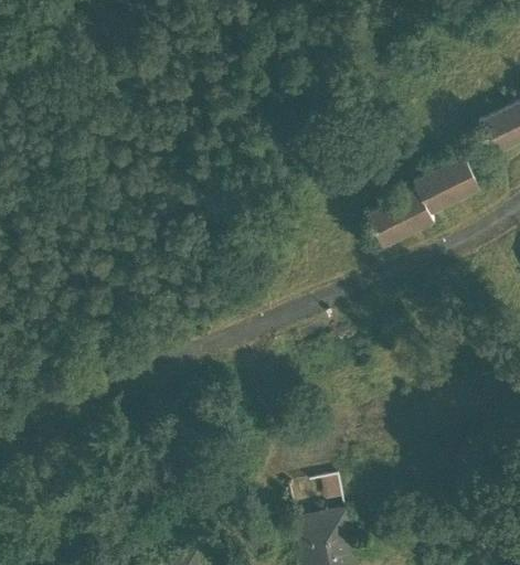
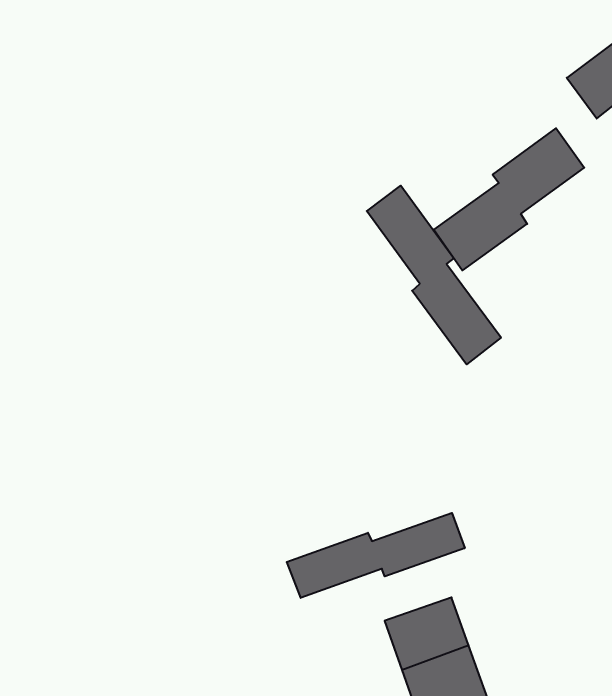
building: none -> [367,186,501,364]
building: none -> [287,513,465,598]

